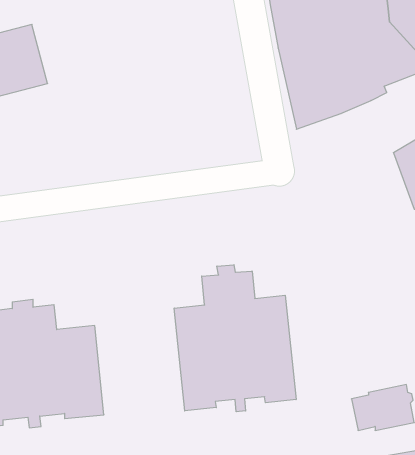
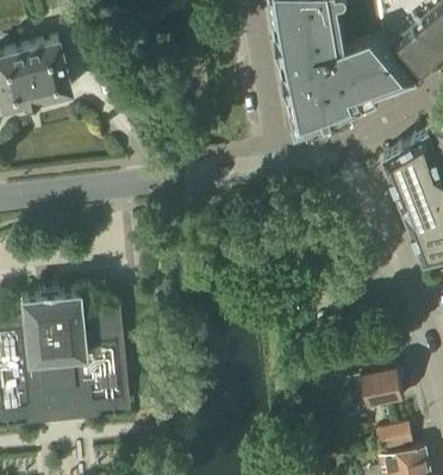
building: [174,265,296,412] -> none

